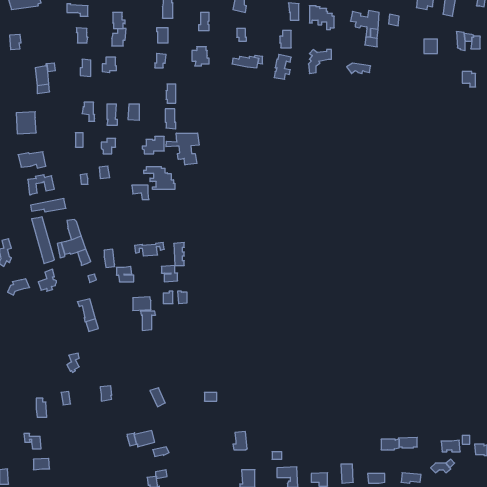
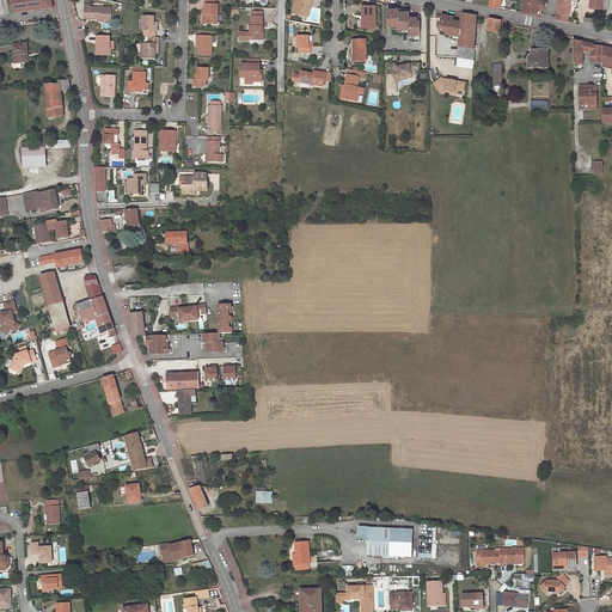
building: [166,133,199,165] -> none
building: [144,167,175,189] -> none
building: none -> [124,432,152,470]
building: none -> [357,526,412,550]

